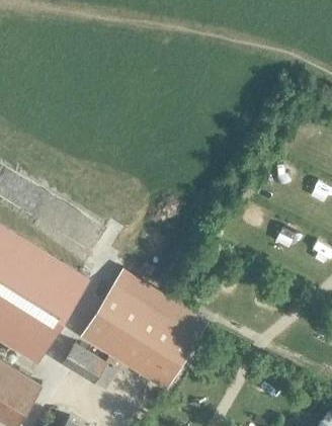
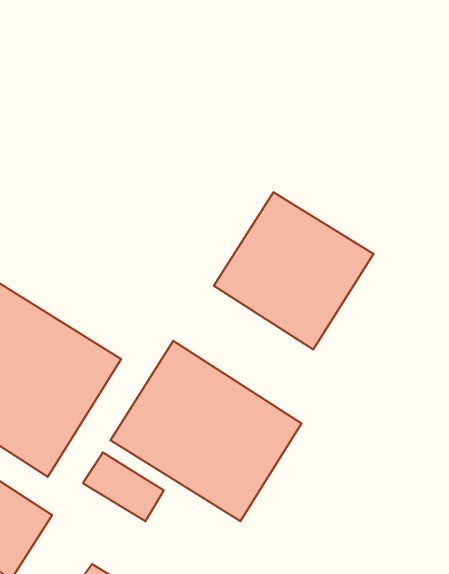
building: none -> [214,192,374,350]

